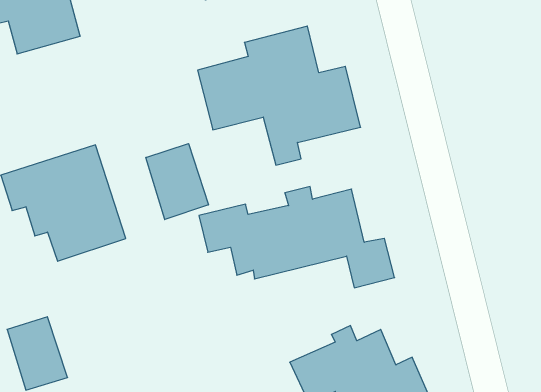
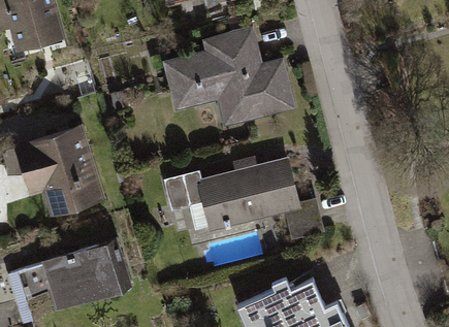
building: [146,144,208,220] -> none
building: none -> [39,240,130,314]

